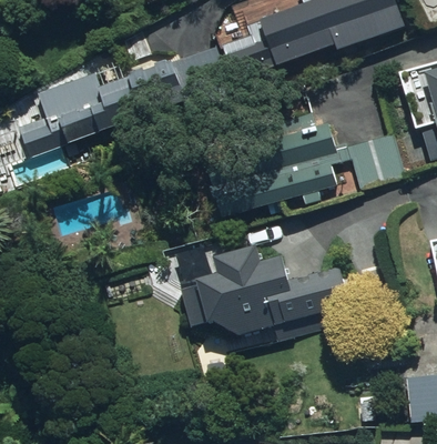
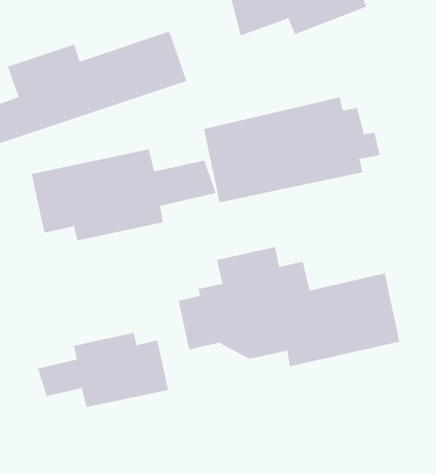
building: none -> [31,149,217,241]
building: none -> [37,332,169,408]

